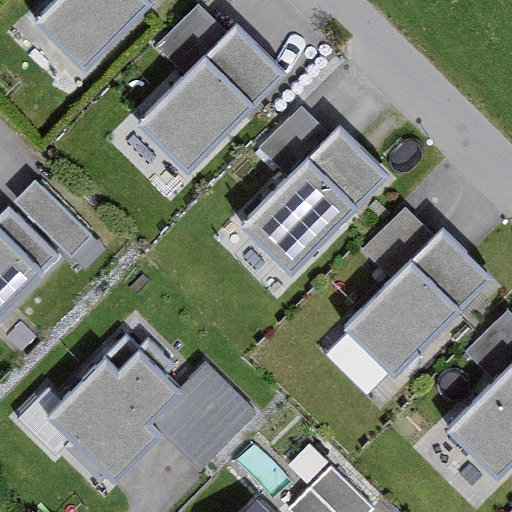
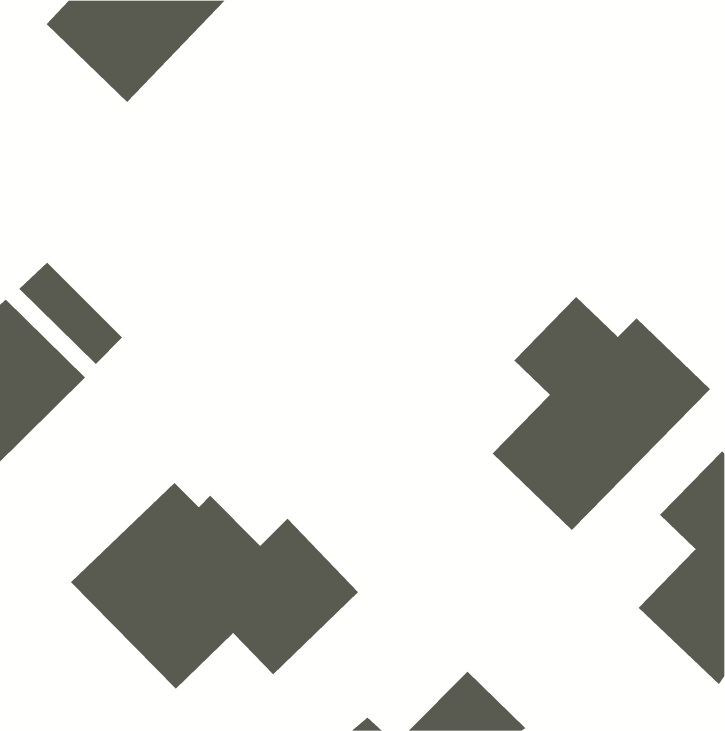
building: [139,9,292,174] -> none
building: [236,111,390,276] -> none

